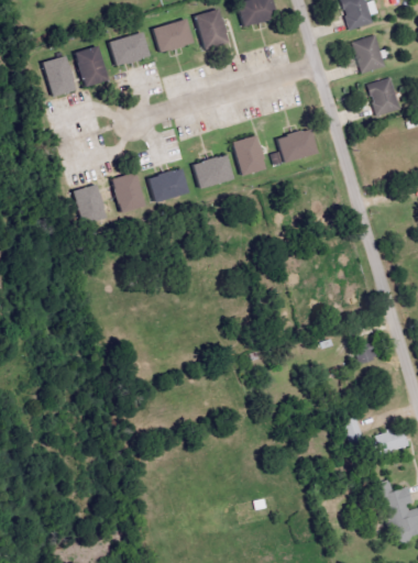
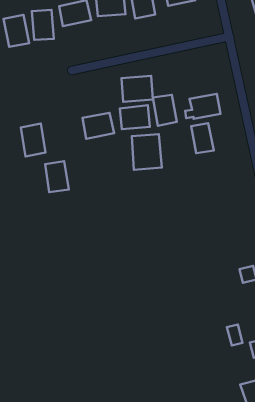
building: none -> [122,76,153,102]
building: none -> [191,123,214,153]
building: [112,172,144,211] -> [45,161,69,192]
building: none -> [132,134,162,170]

